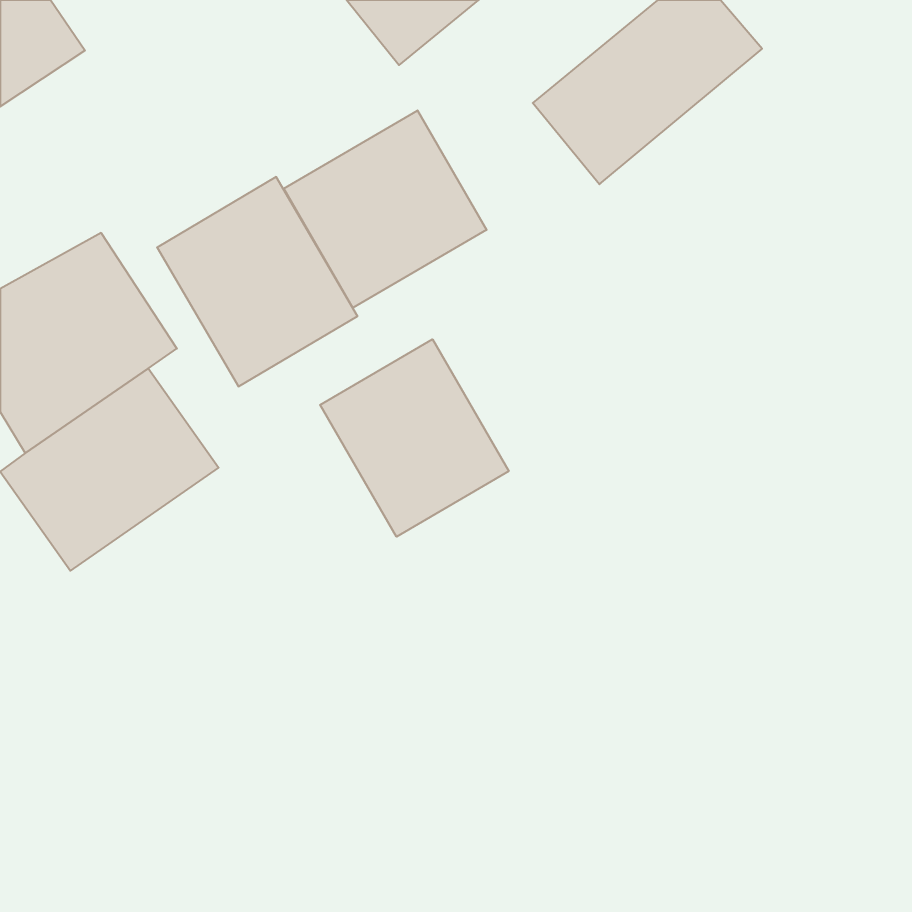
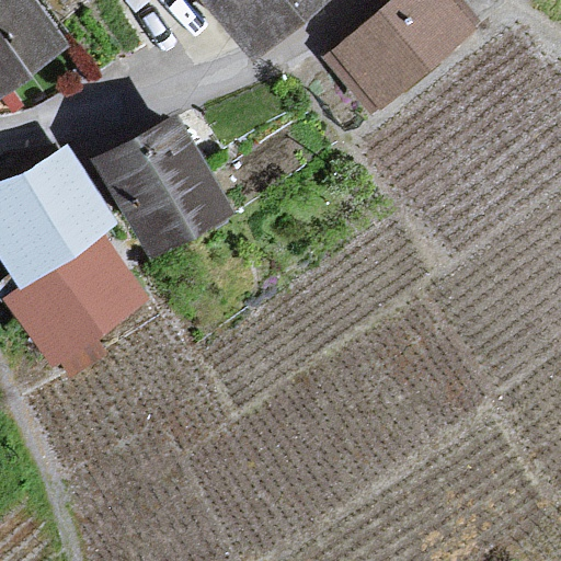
building: [284,110,487,308] -> none
building: [320,339,509,537] -> none

